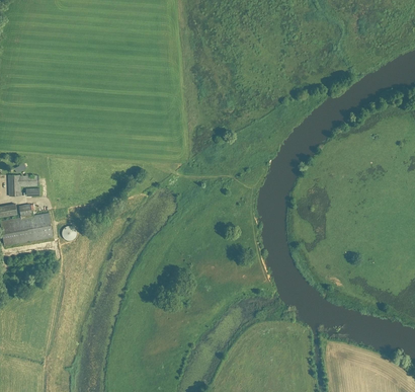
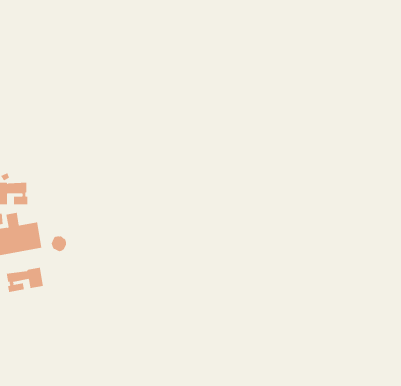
building: none -> [6,267,44,293]

